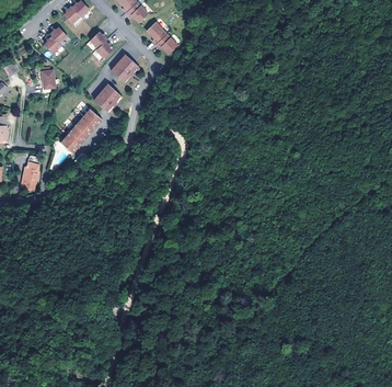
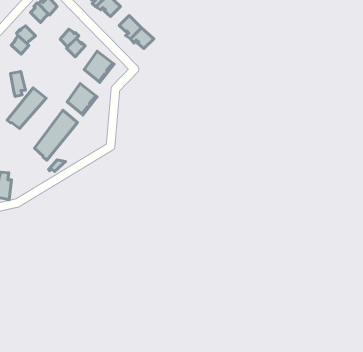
building: none -> [7,88,46,128]

